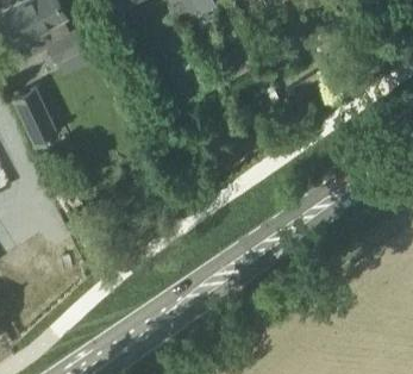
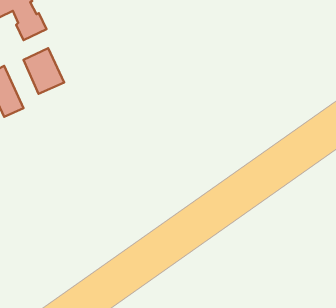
building: none -> [23,48,64,94]

